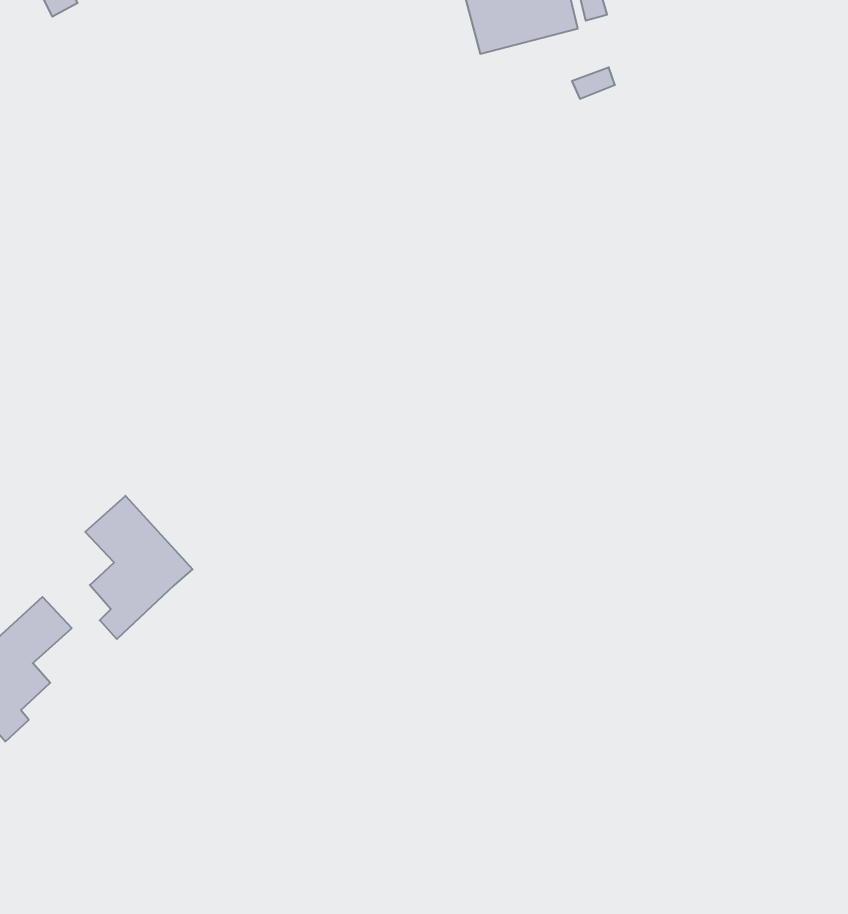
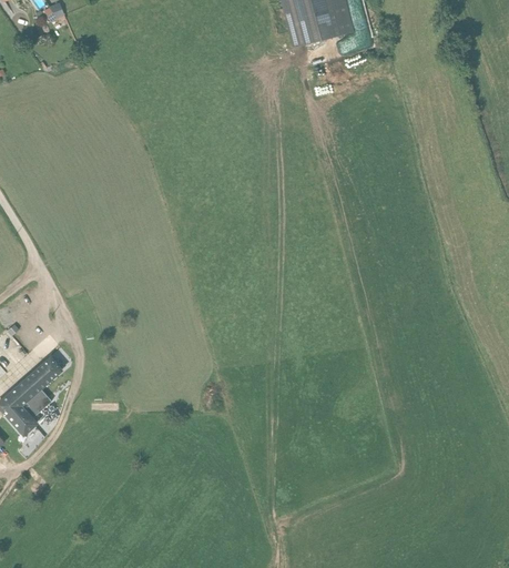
building: [85,496,193,639] -> none

